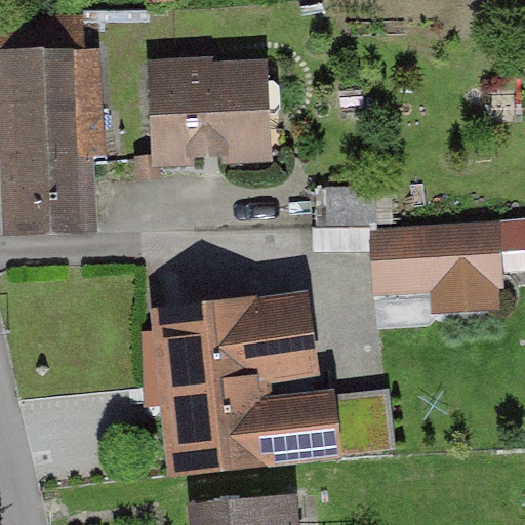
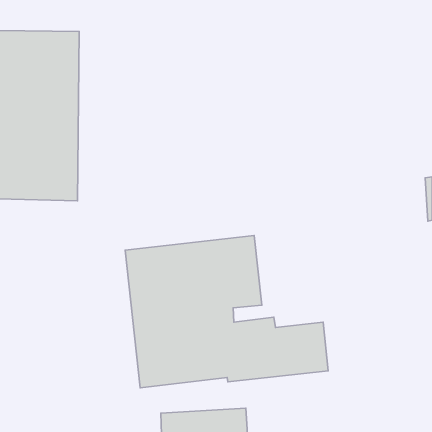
building: [145,59,271,163] -> none
building: [371,226,502,309] -> none

